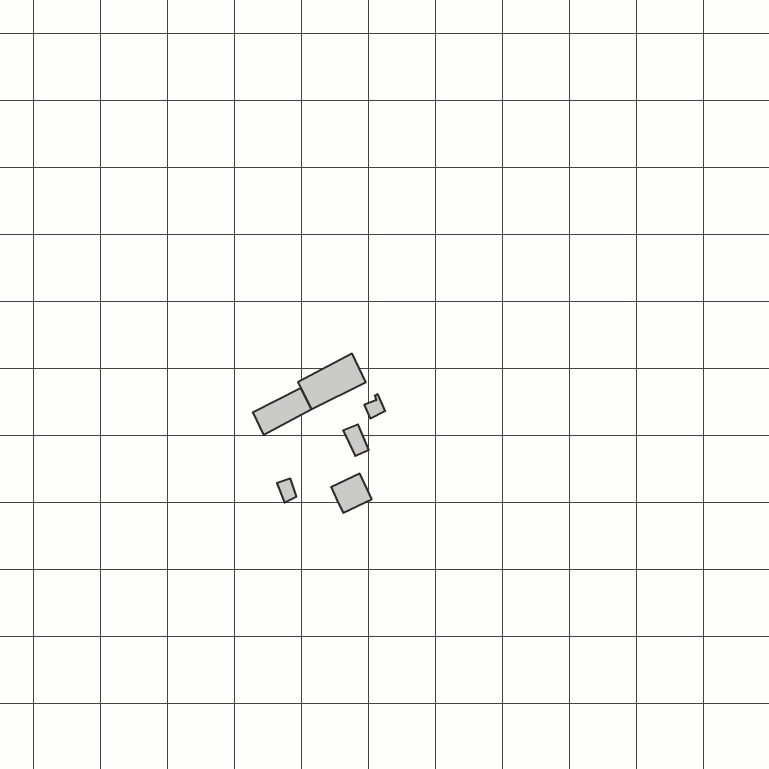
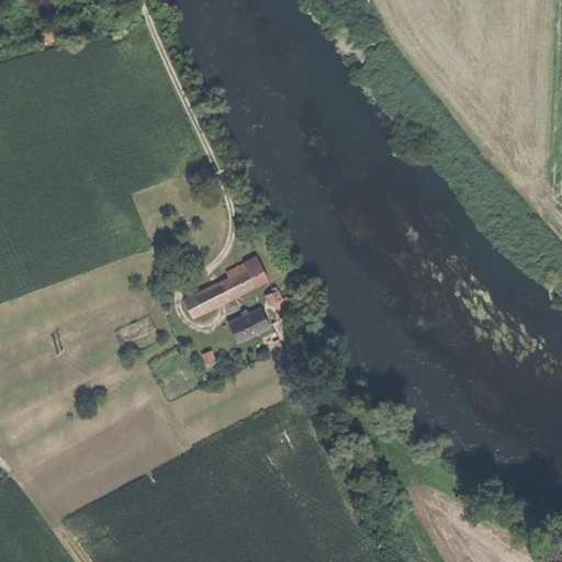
building: [331,474,372,513] -> [229,314,259,342]

